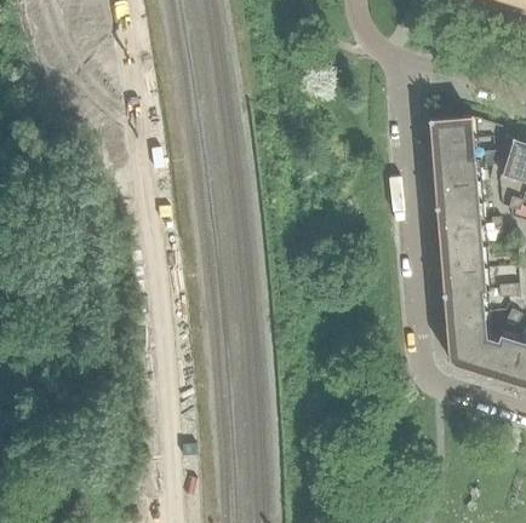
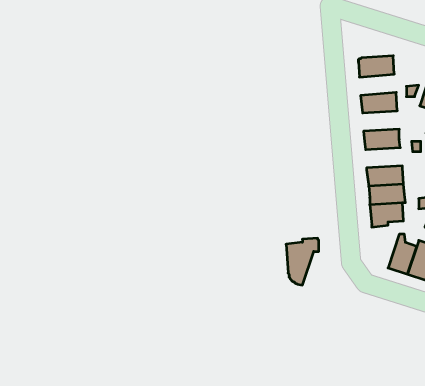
building: [431,136,475,161] -> none
building: [435,179,479,203] -> none
building: [439,223,482,247] -> none
building: [446,310,485,366] -> [286,238,319,285]

